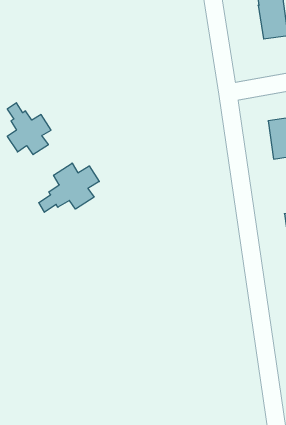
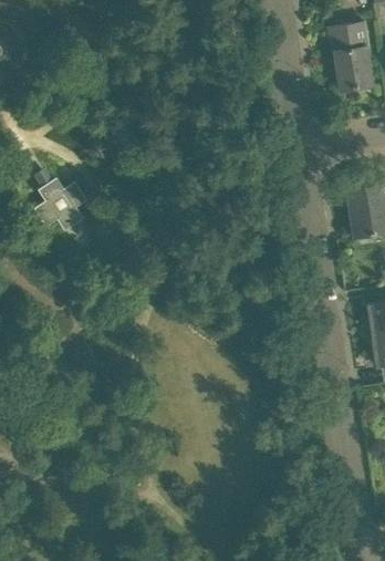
building: [39,163,99,212] -> none

